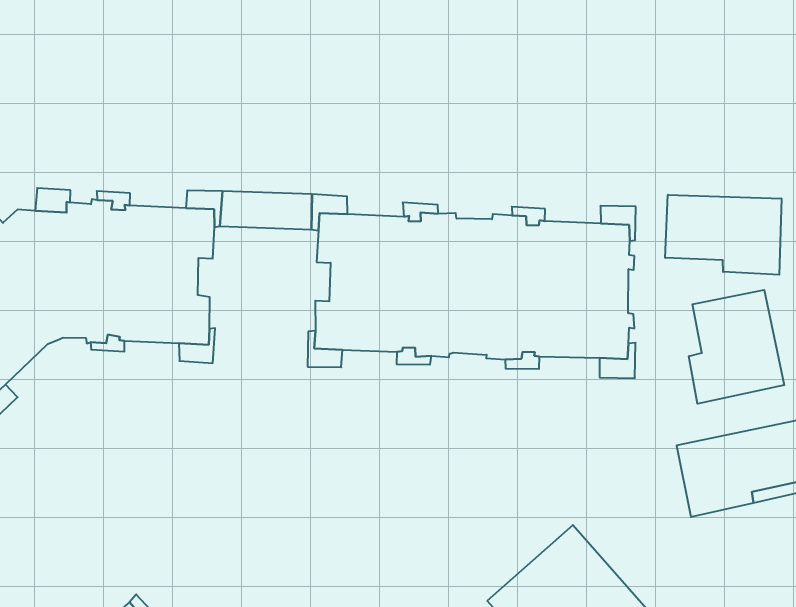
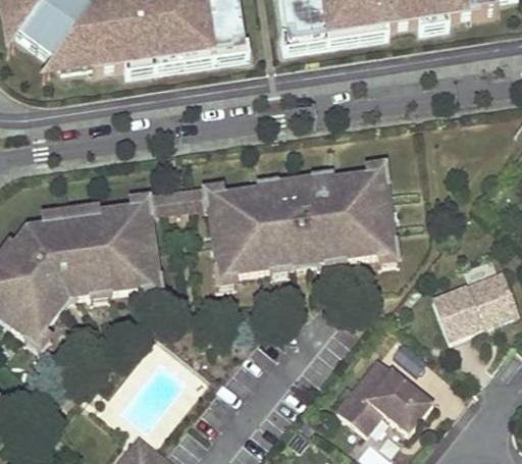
building: [665,195,781,275] -> none
building: [689,290,784,404] -> none

